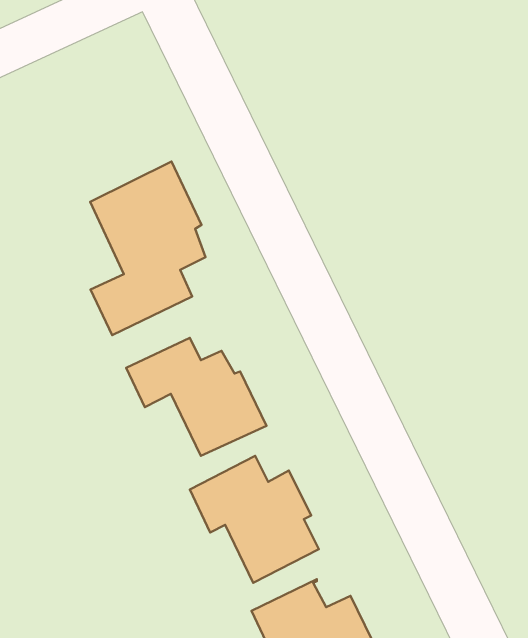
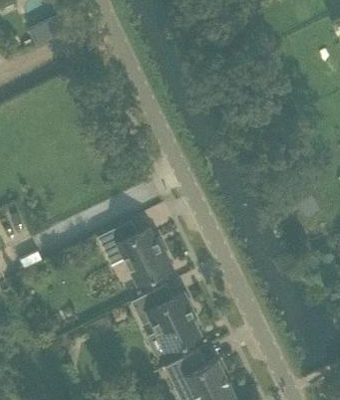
building: [90,161,206,335] -> none

